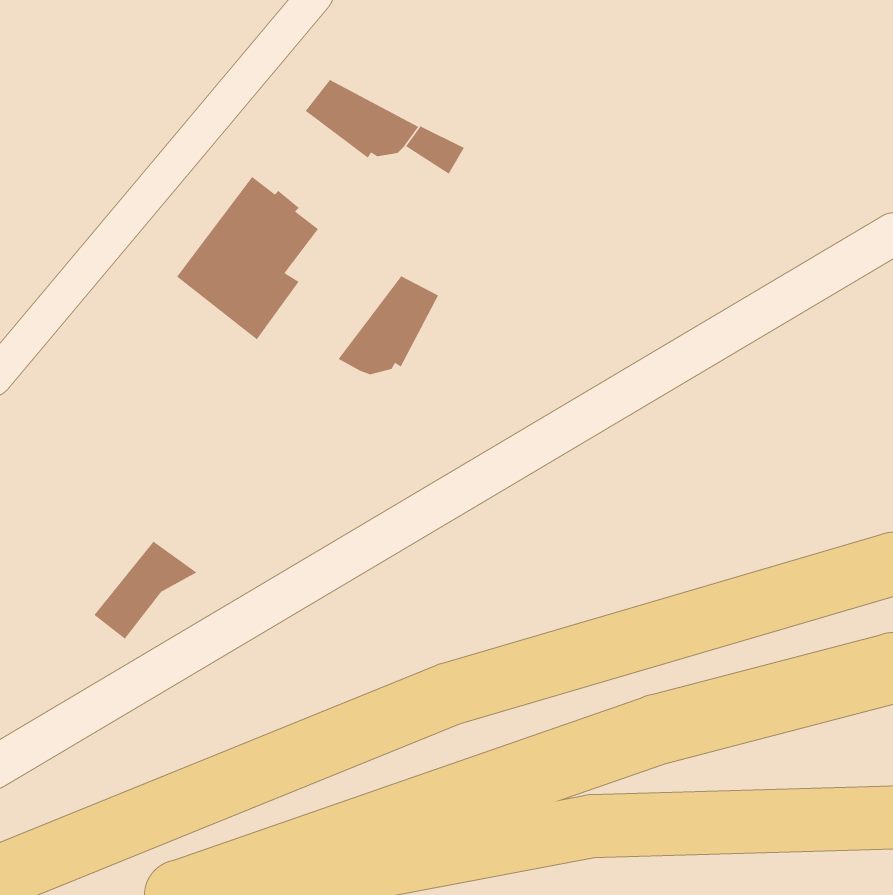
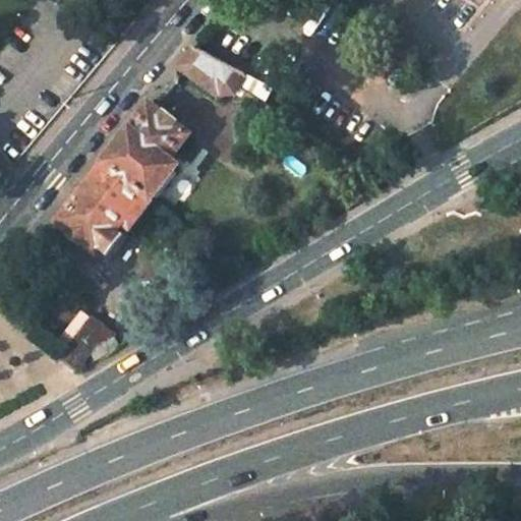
building: [338,275,439,375] -> none
building: none -> [55,160,149,257]

